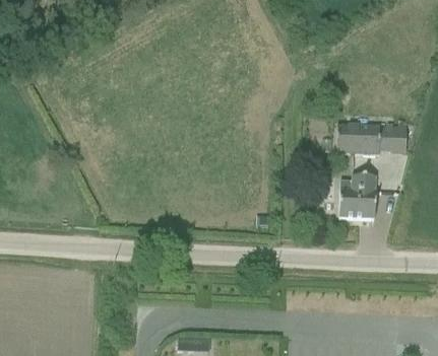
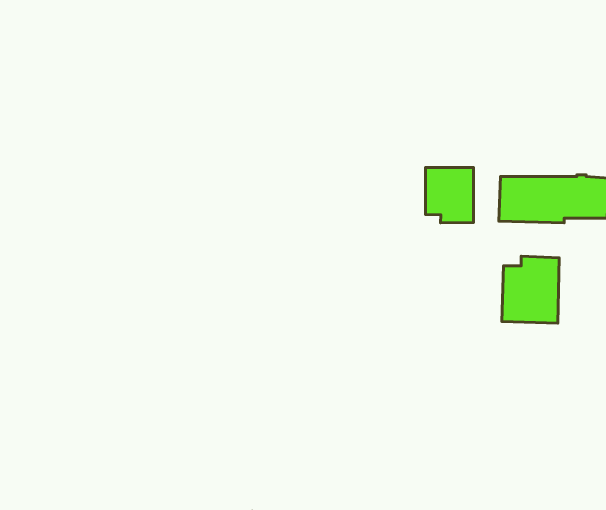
building: none -> [426,167,474,223]

